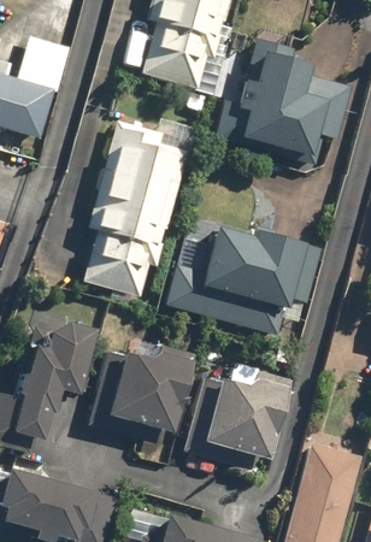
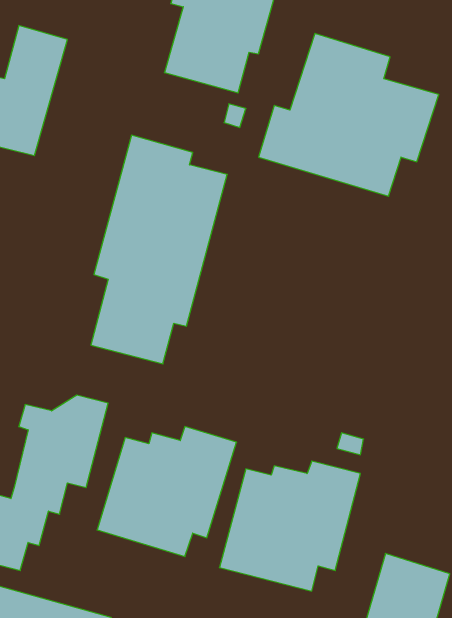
building: [167,225,323,336] -> none

